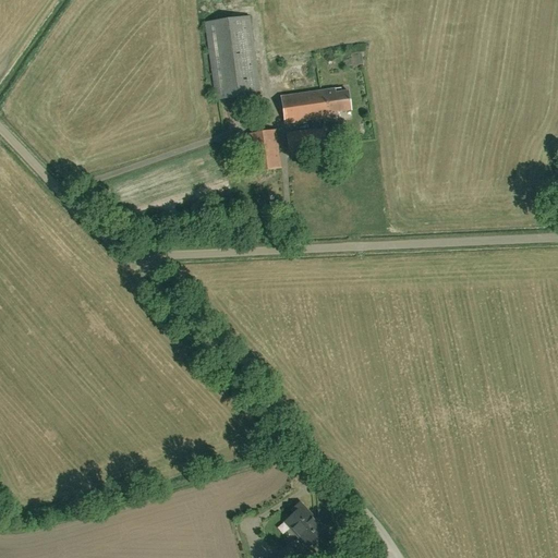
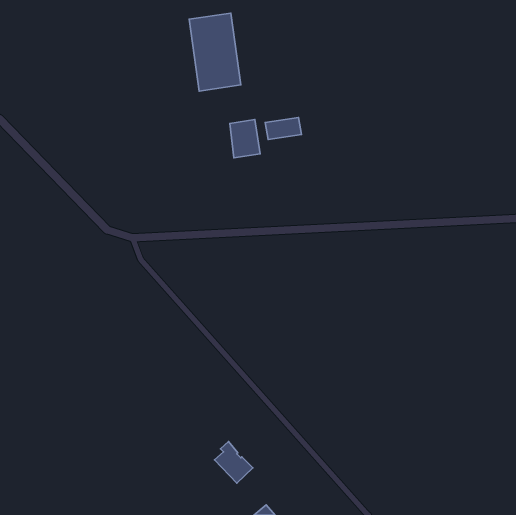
building: [280,86,350,122] -> none
building: [283,500,325,545] -> [214,442,253,483]

